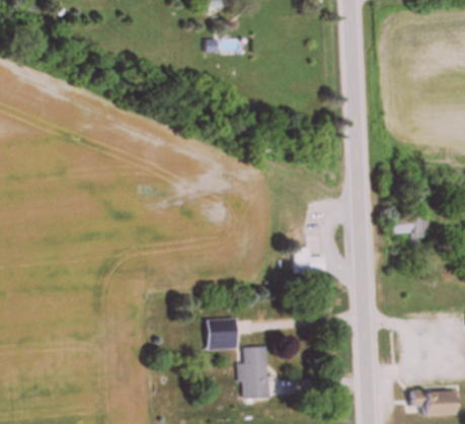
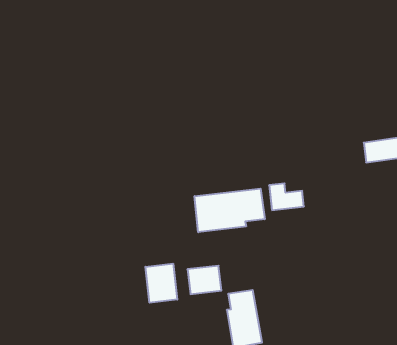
building: none -> [195,189,265,232]
building: none -> [145,264,177,303]

